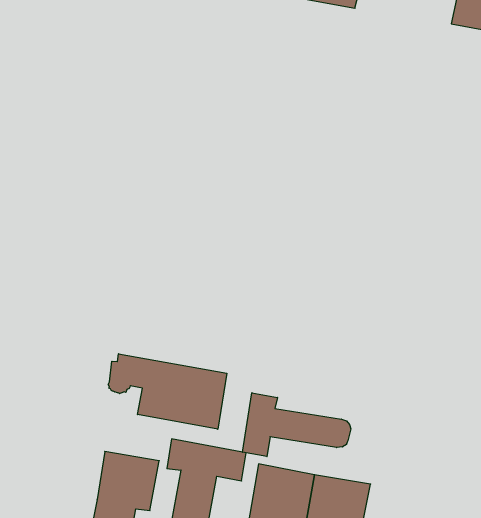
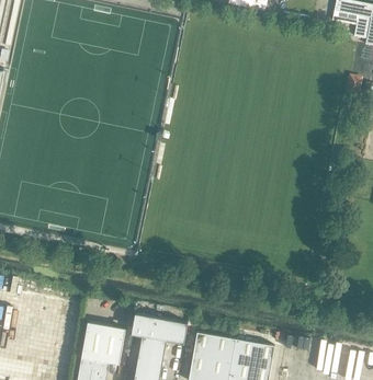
building: [108,354,227,429] -> none
building: [243,393,351,457] -> none

